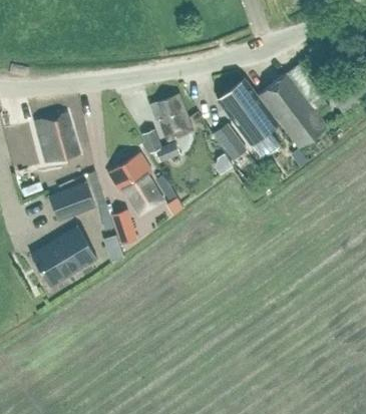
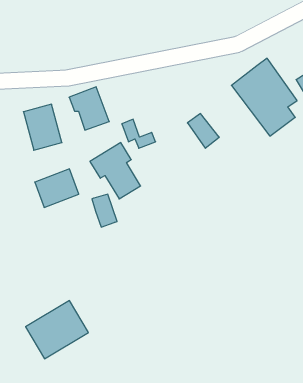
building: [218,78,280,144] -> none
building: [150,93,194,139] -> [69,87,109,130]
building: [31,227,98,289] -> [26,301,88,359]

